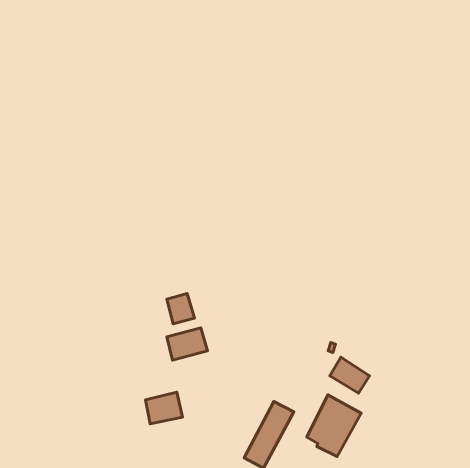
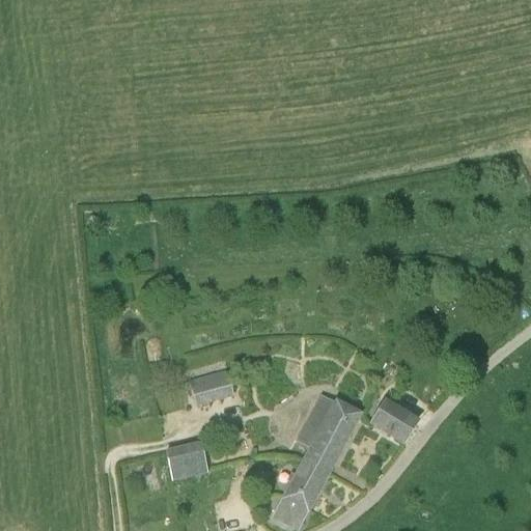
building: [167,294,195,324] -> none
building: [307,395,361,457] -> [298,393,359,463]

